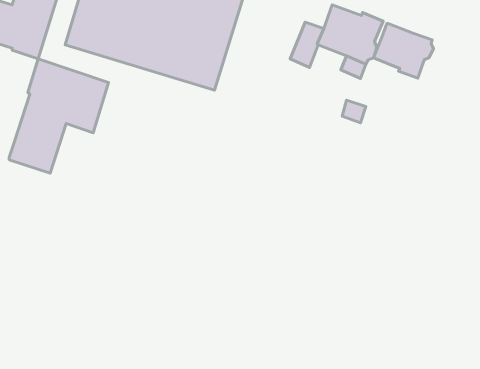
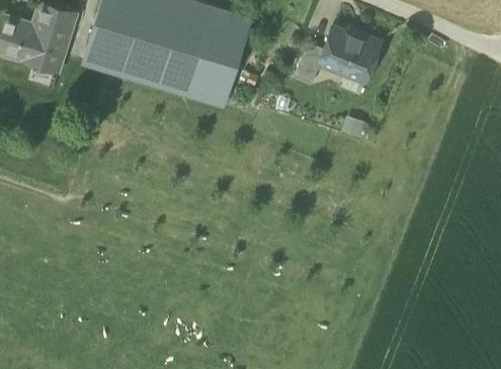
building: [373,24,433,78] -> none
building: [9,59,108,173] -> none

